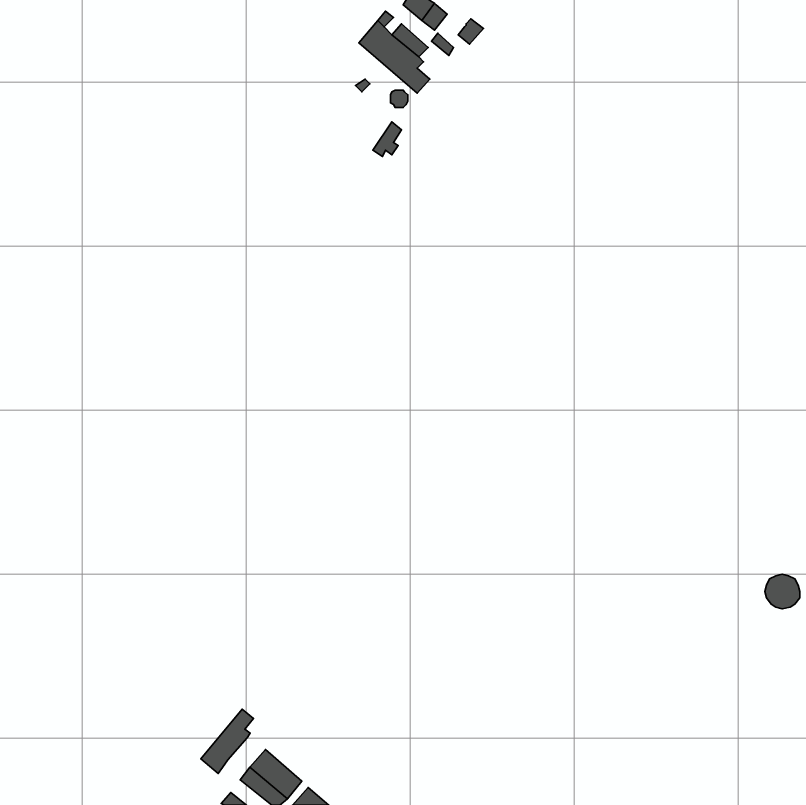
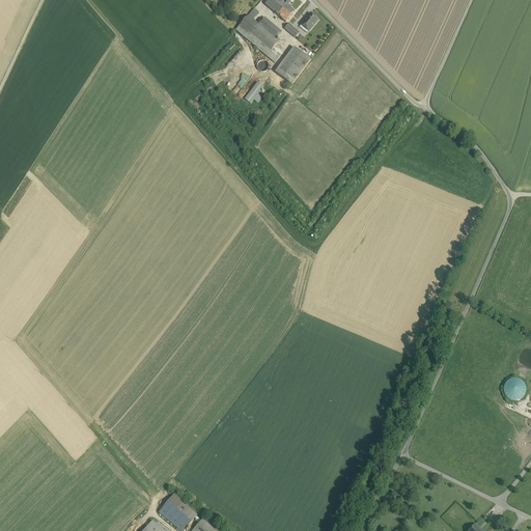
building: none -> [274,46,310,83]
building: [201,709,254,773] -> none

